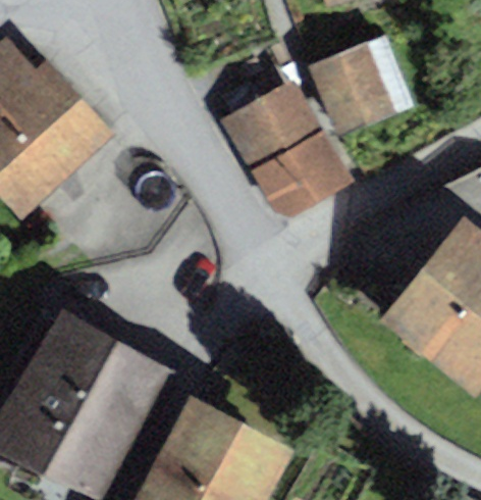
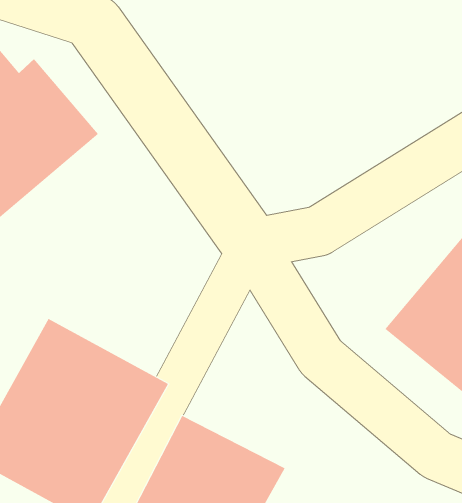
building: [315,35,409,129] -> none
building: [225,83,349,218] -> none

